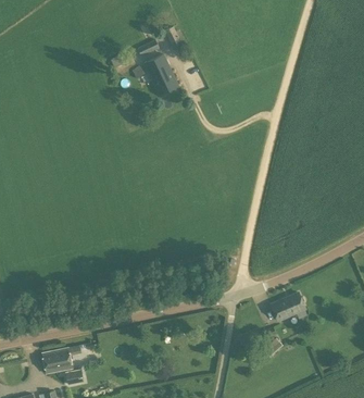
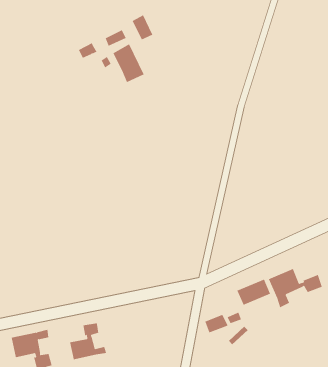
building: none -> [268,268,322,308]
building: none -> [70,322,107,360]

